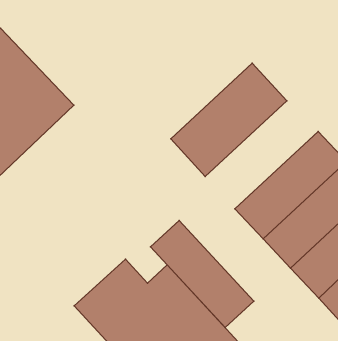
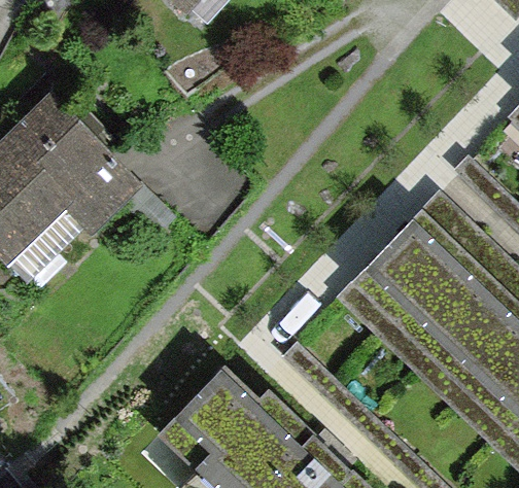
building: [171,63,287,176] -> none
building: [150,221,254,327] -> none

